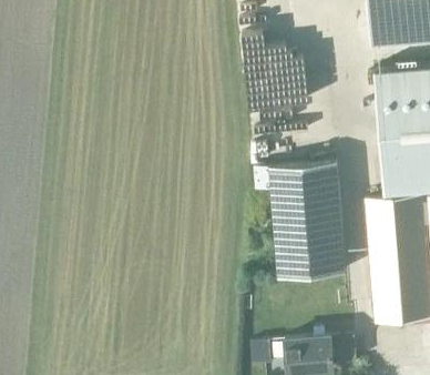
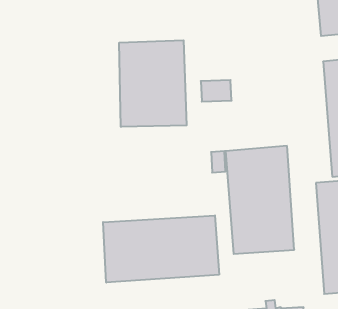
building: none -> [119,40,187,127]
building: none -> [103,215,219,283]

